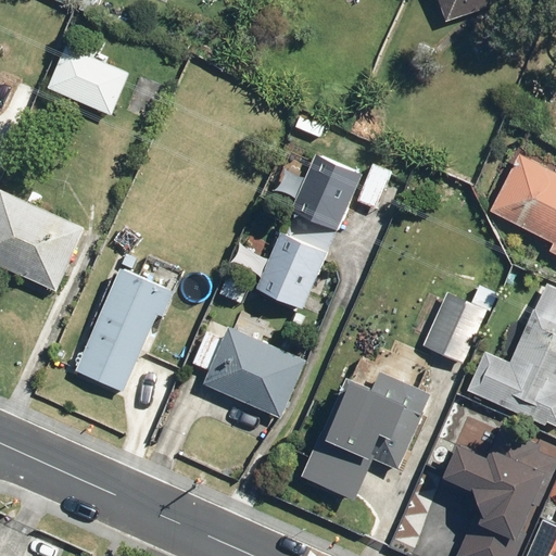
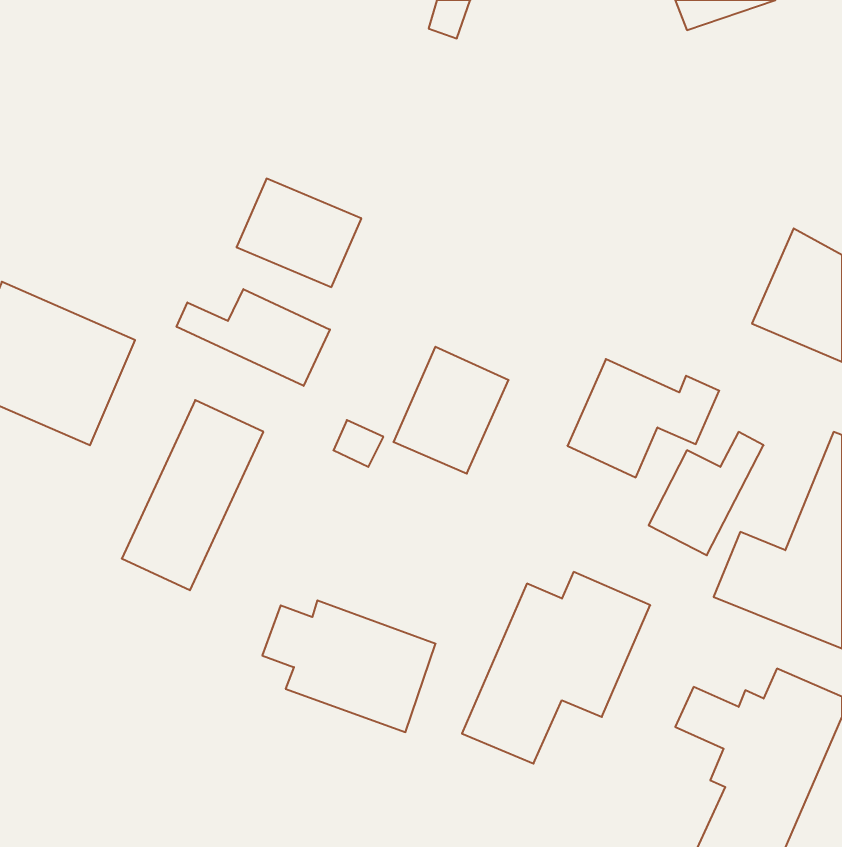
building: [50,46,131,116] -> [236,179,361,287]
building: [293,153,392,230] -> [567,359,719,477]
building: none -> [177,289,330,386]
building: [193,328,306,414] -> [262,600,436,732]

